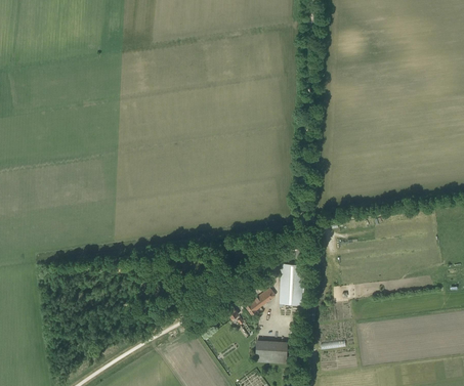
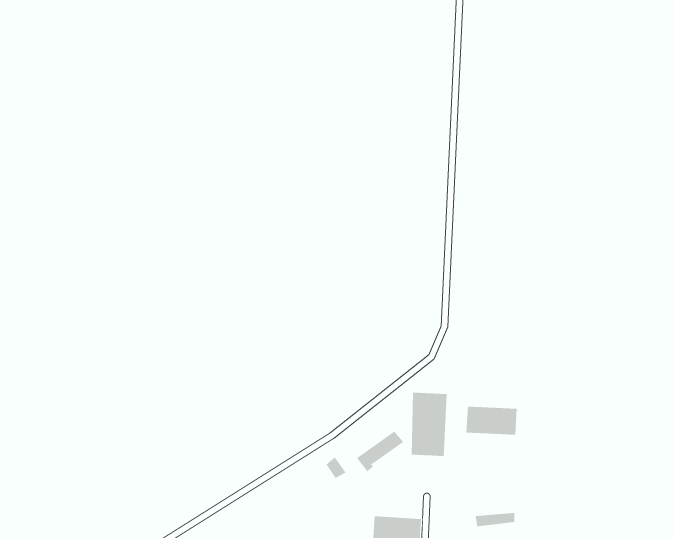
building: none -> [466,406,517,436]

